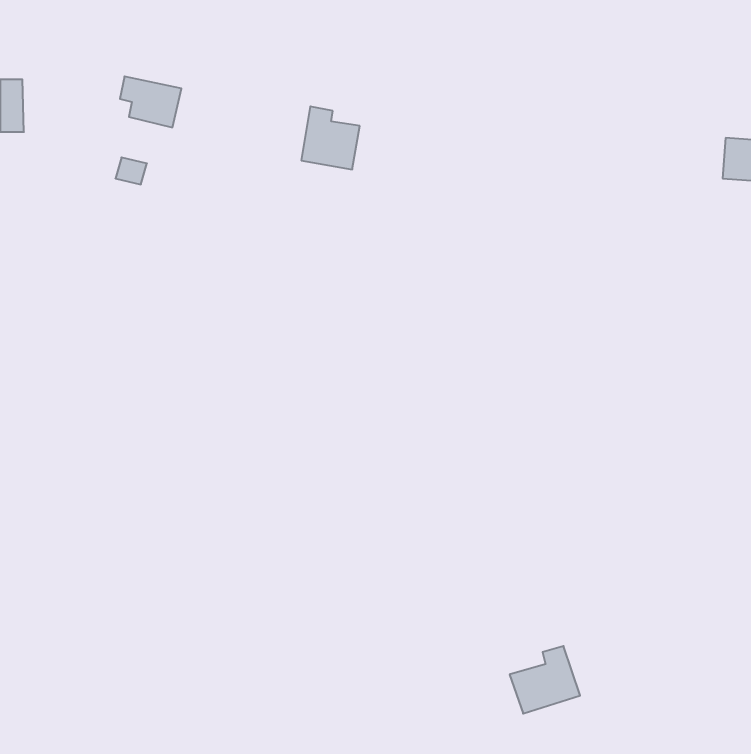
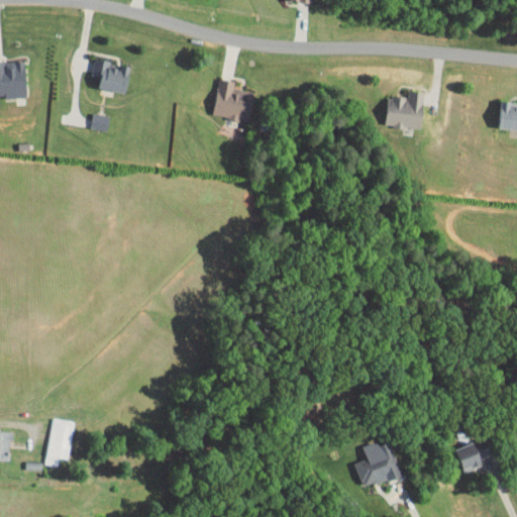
building: none -> [384,91,425,130]
building: none -> [42,419,73,468]
building: none -> [454,439,493,473]

